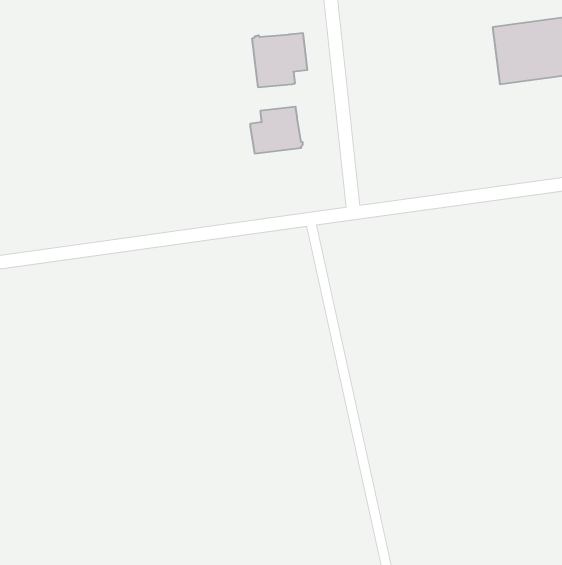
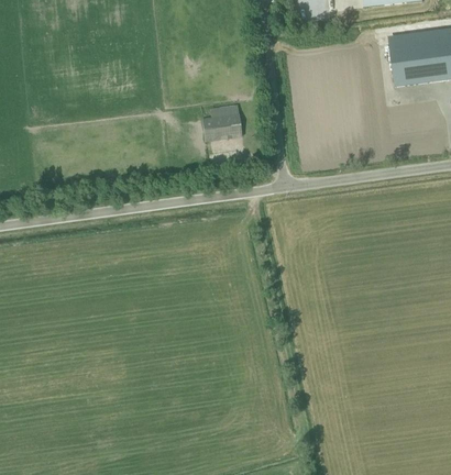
building: [252,33,307,87] -> none

